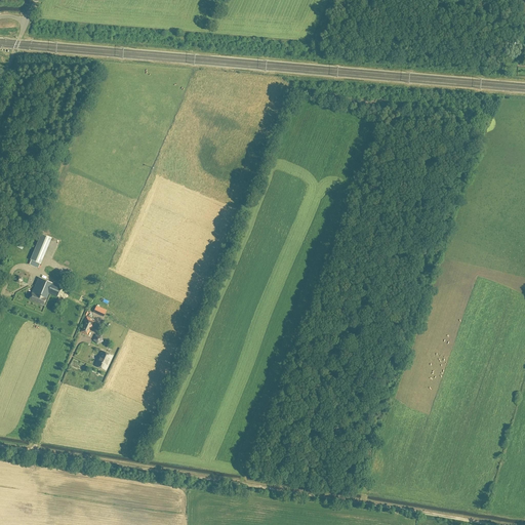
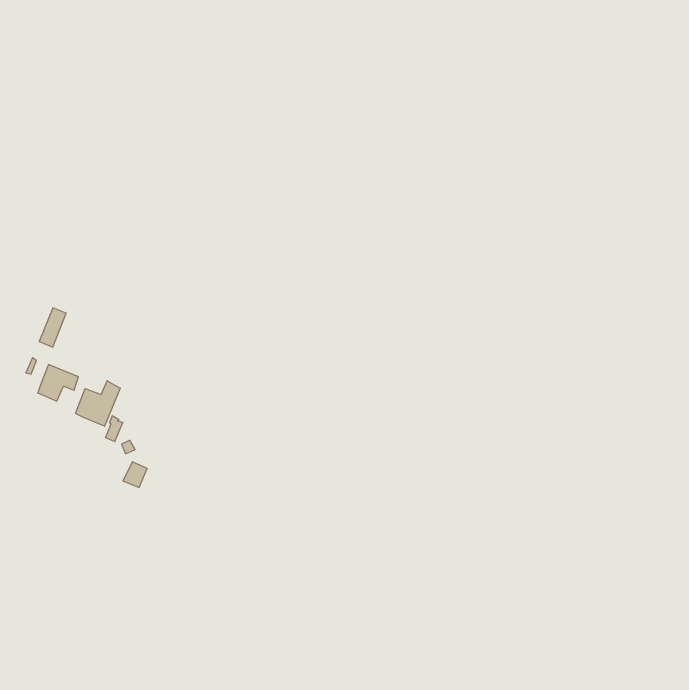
building: none -> [75,381,120,426]

